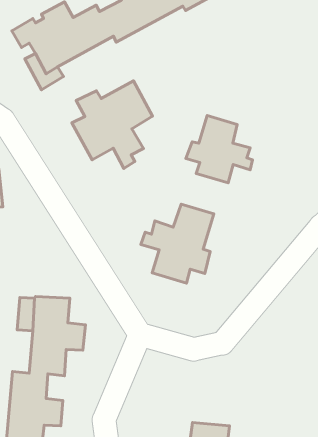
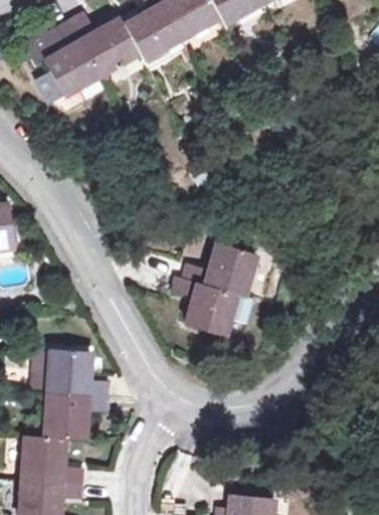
building: [72,81,152,168] -> none
building: [186,115,253,183] -> none

